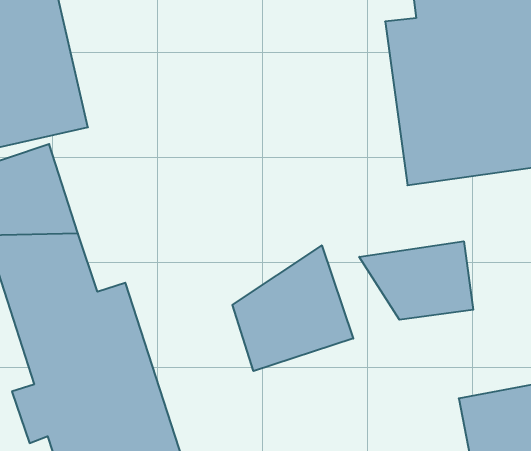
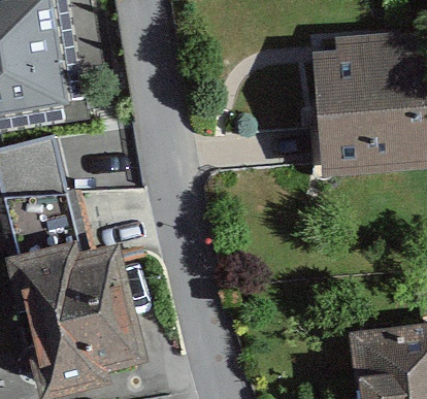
building: [359,241,473,320] -> none
building: [232,245,353,371] -> none

